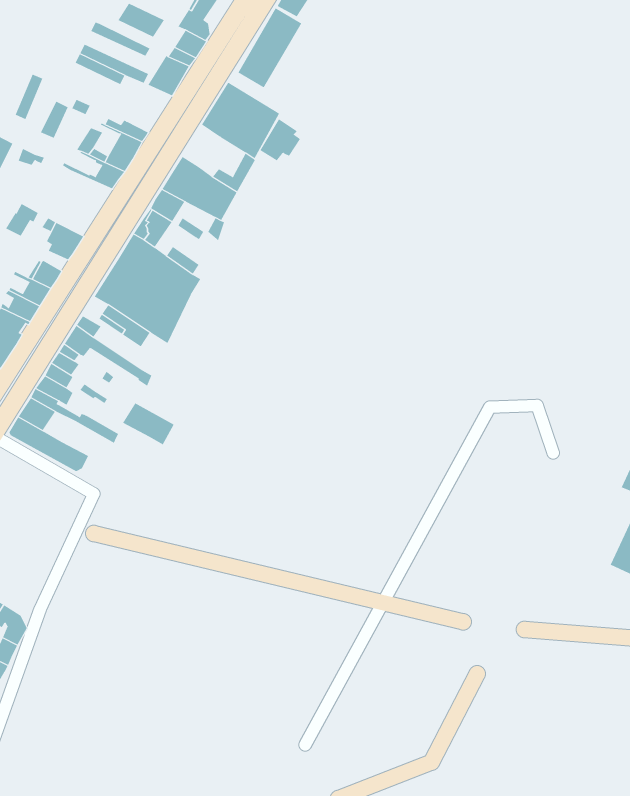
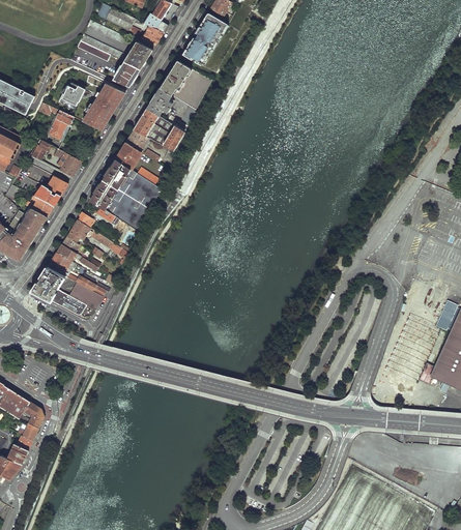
building: none -> [114,61,141,87]
building: [260,119,301,161] -> [147,87,174,115]
building: none -> [48,110,74,140]
building: [122,402,174,445] -> [68,282,103,310]

